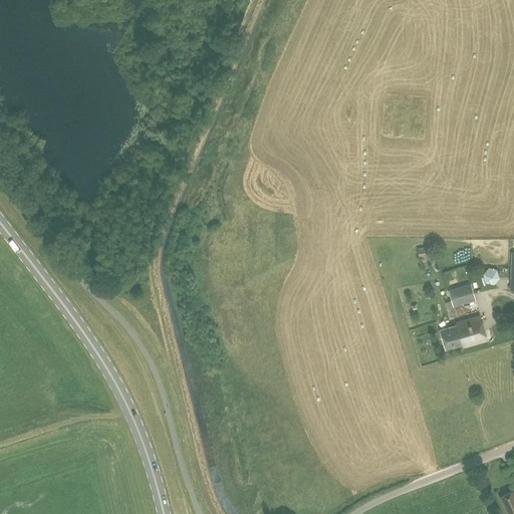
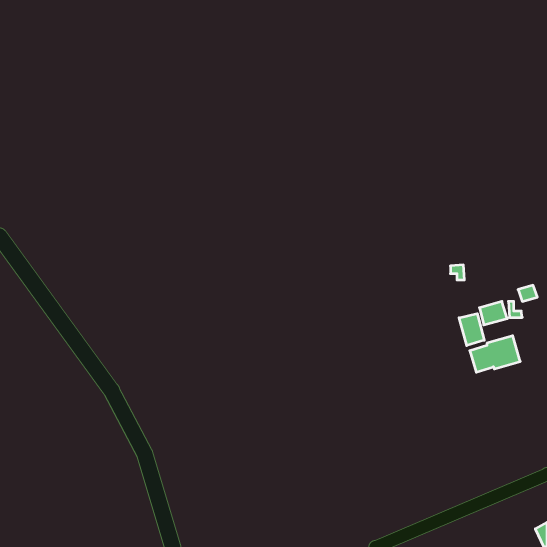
building: none -> [459,314,484,346]

